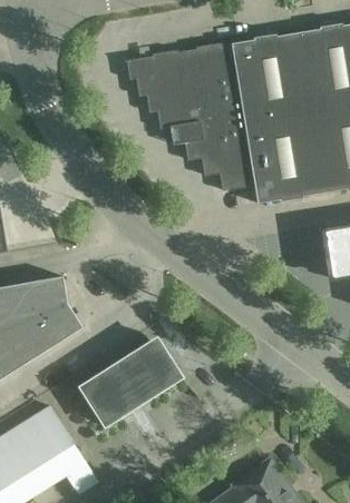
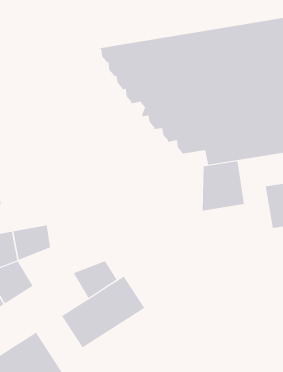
building: none -> [202,161,244,211]
building: [27,304,81,351] -> [73,260,118,299]

